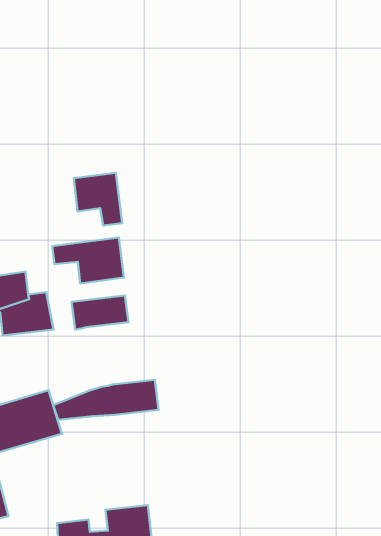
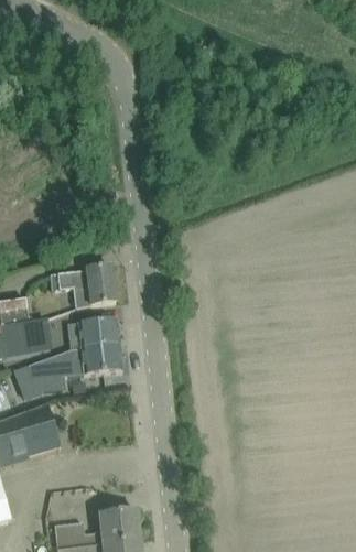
building: [74,173,122,226] -> none
building: [53,380,159,420] -> [28,345,123,381]

